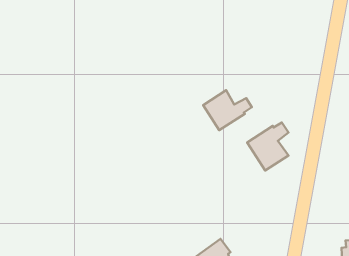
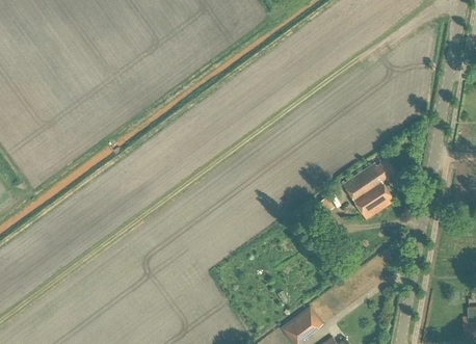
building: [203,90,252,130] -> none

